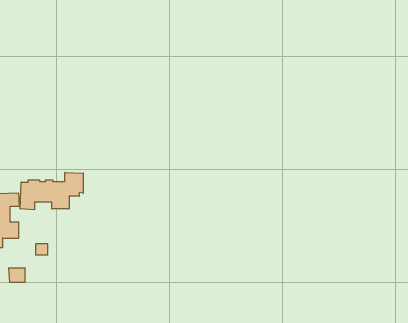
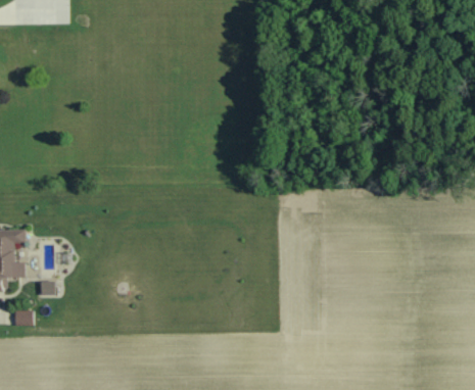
building: [20,172,83,210] -> none

